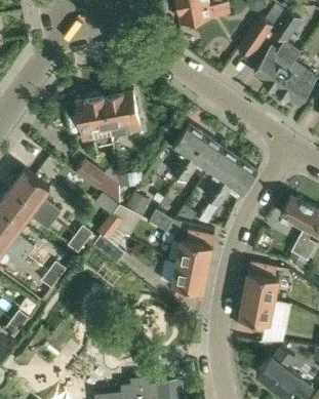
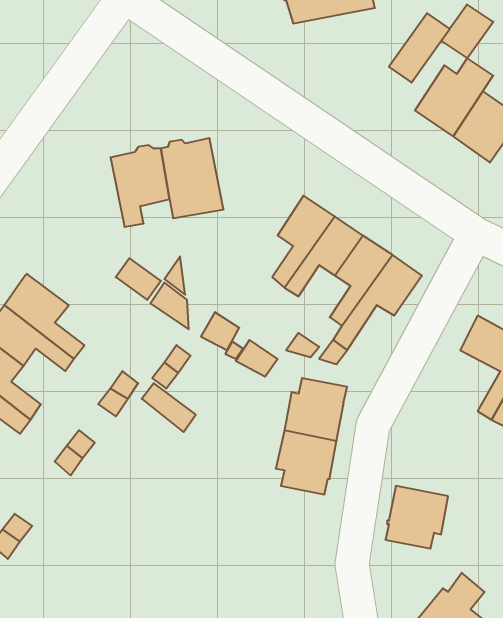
building: [242,263,278,302] -> none

